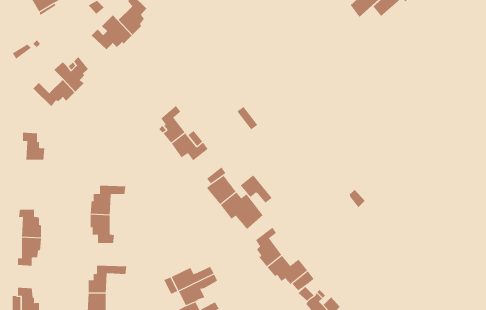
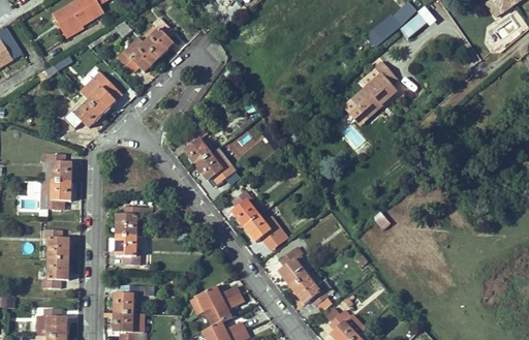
building: none -> [340,60,398,126]
building: none -> [43,182,70,209]
building: [240,175,272,203] -> none

